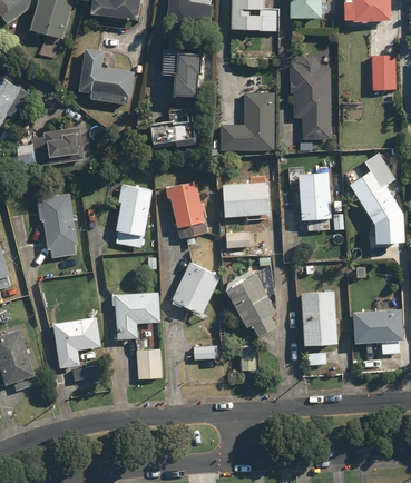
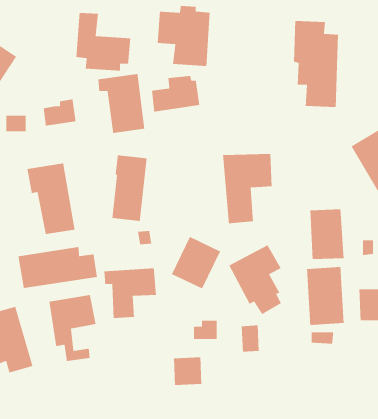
building: [219,91,275,154] -> none
building: [299,171,332,220] -> [310,209,345,260]
building: [163,181,208,239] -> [97,73,145,134]
building: none -> [18,246,98,289]
building: [135,351,163,378] -> [173,357,202,386]

